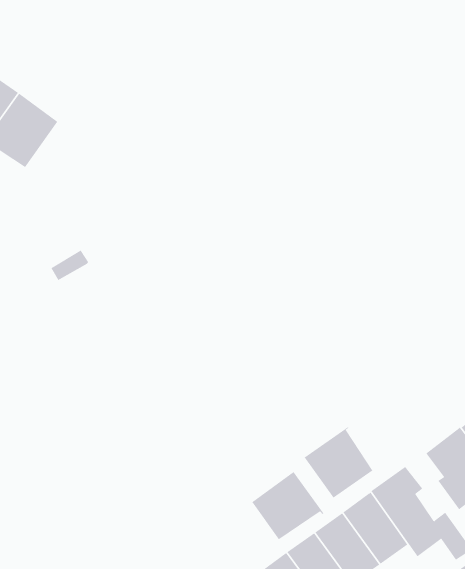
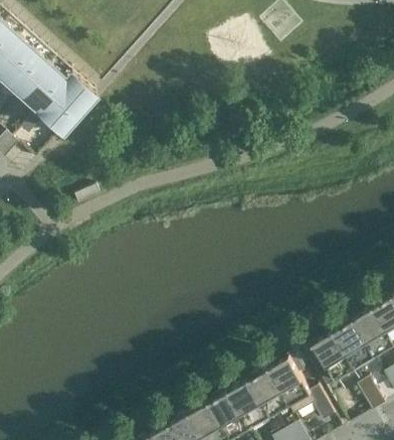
building: [304,426,373,498] -> none
building: [251,471,324,540] -> none

